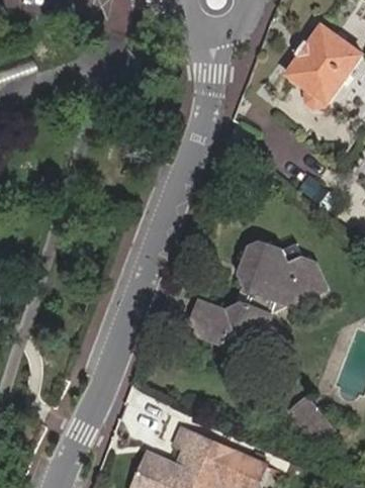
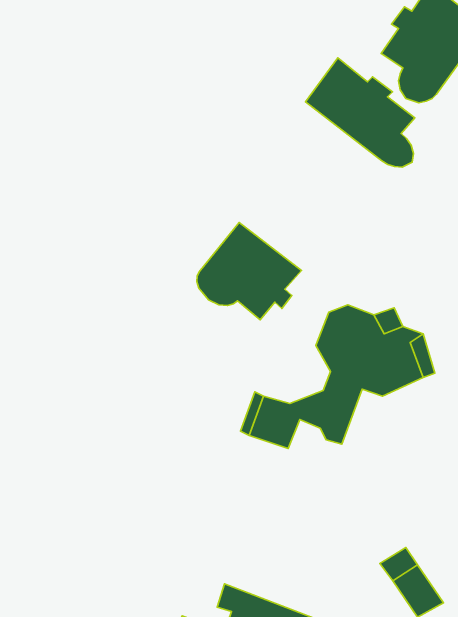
building: none -> [305,58,415,167]
building: none -> [197,223,302,320]

